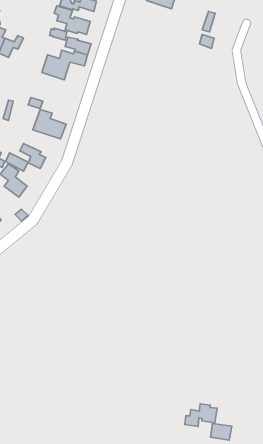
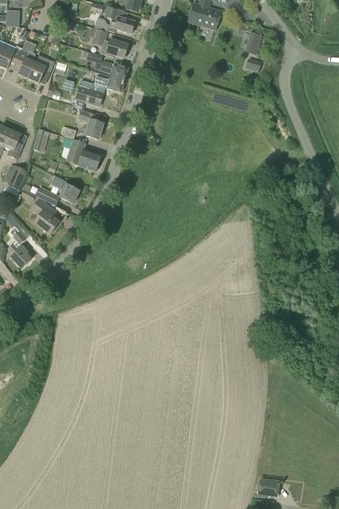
building: none -> [78,109,103,139]
building: [185,404,217,427] -> none

